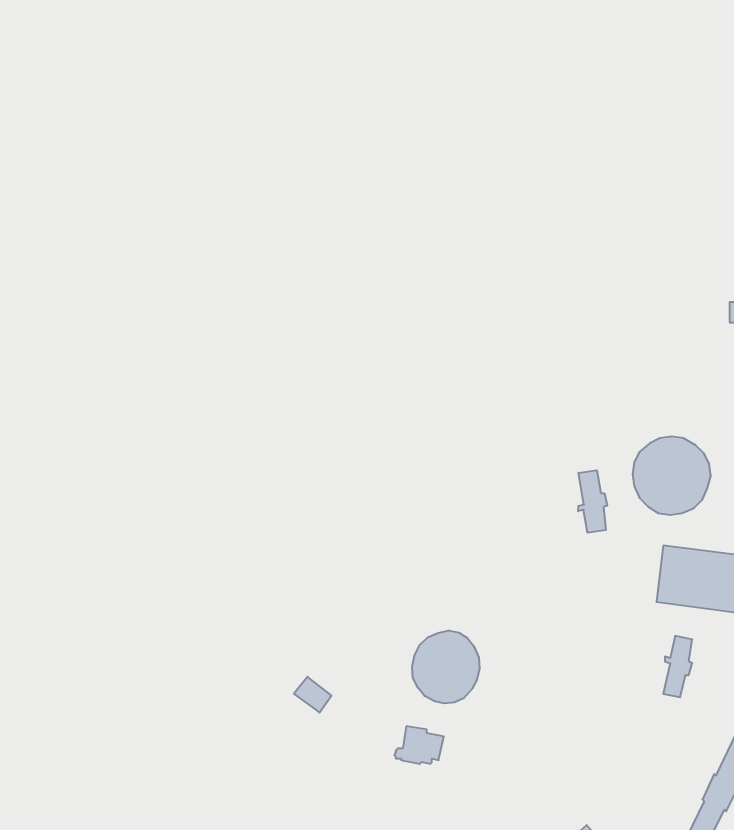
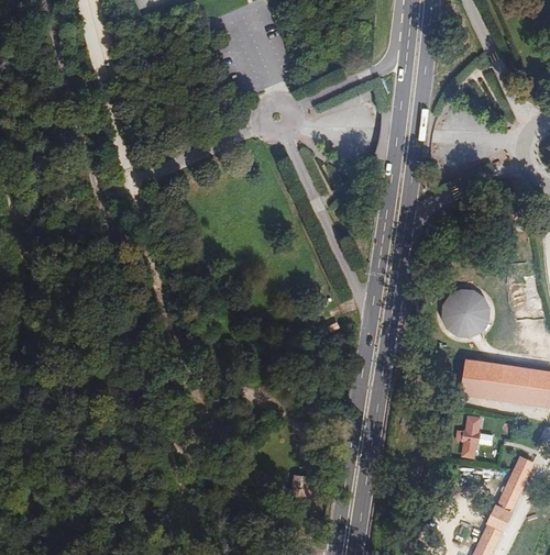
building: [578,470,607,533] -> none
building: [412,630,479,703] -> none

